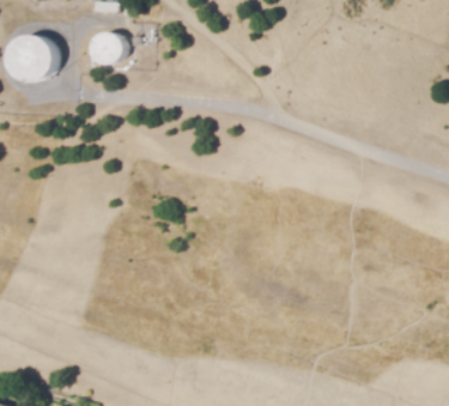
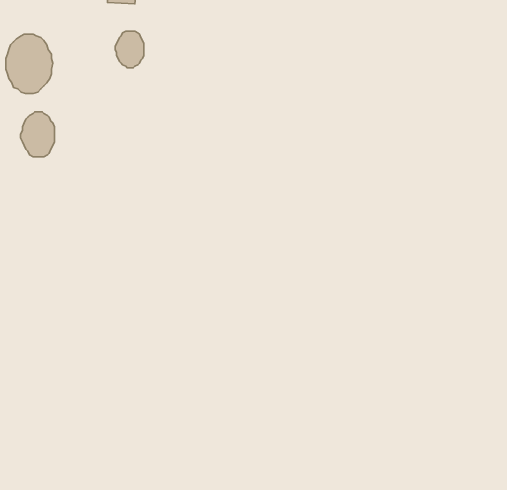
building: none -> [21,112,55,157]

